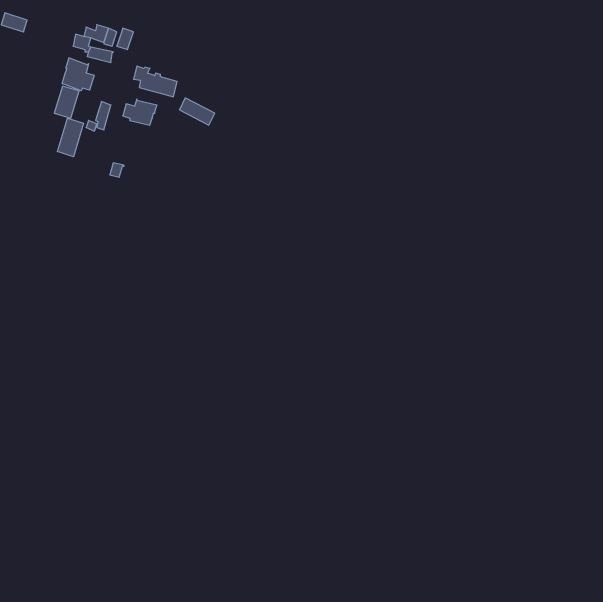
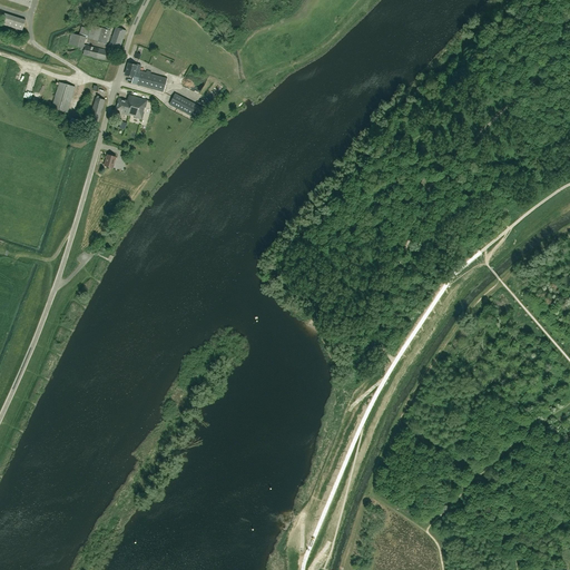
building: [62,58,94,91] -> none
building: [57,118,84,157] -> none

